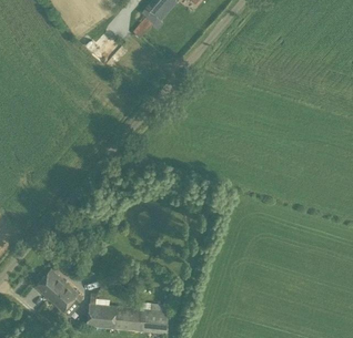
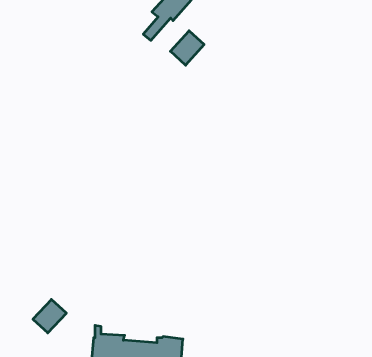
building: none -> [170,31,204,65]
building: [47,283,82,313] -> none

